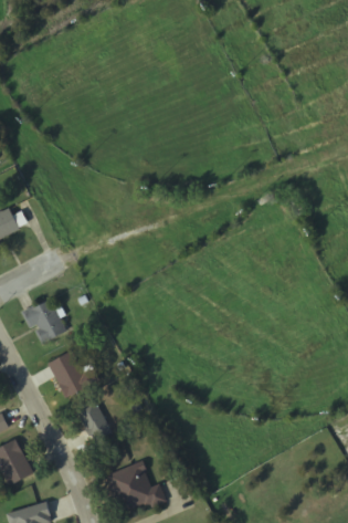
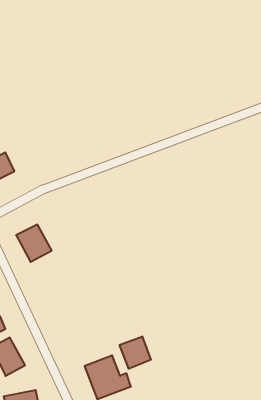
building: [48,352,88,397] -> none
building: [75,399,109,440] -> none
building: none -> [120,336,151,369]

